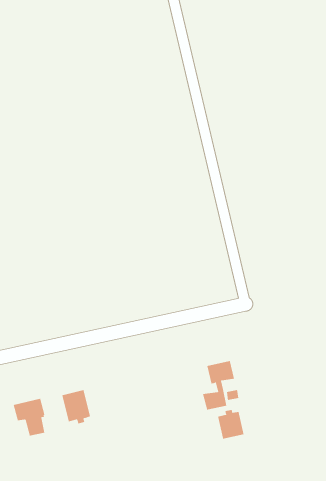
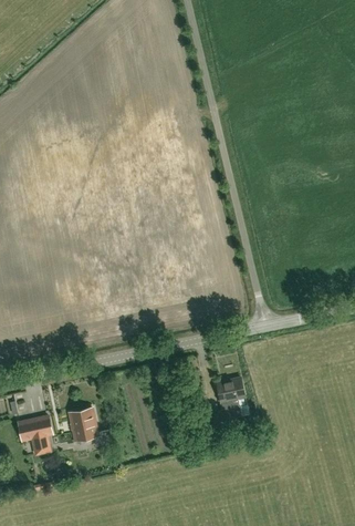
building: [217,409,244,440] -> none

